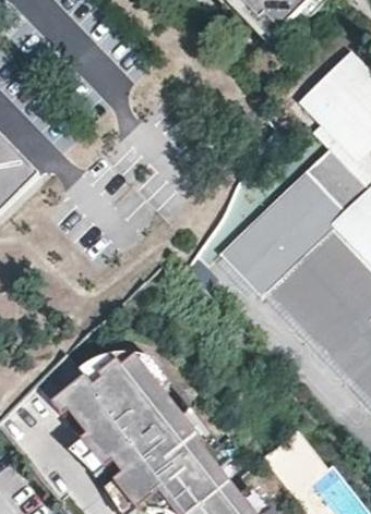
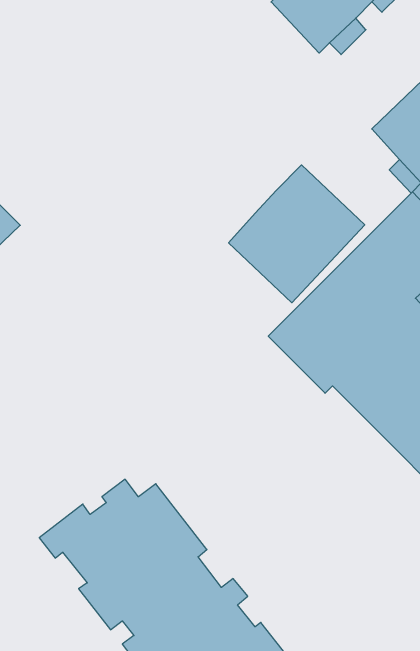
building: none -> [229,165,365,303]

